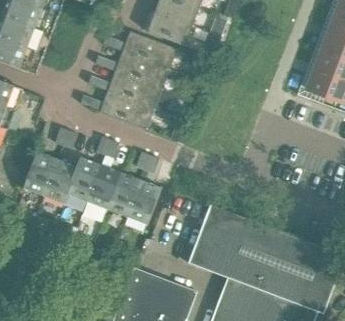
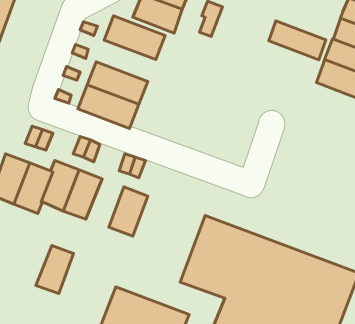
building: none -> [269,21,326,60]
building: [114,52,166,88] -> none
building: [105,173,138,215] -> [36,245,74,294]

